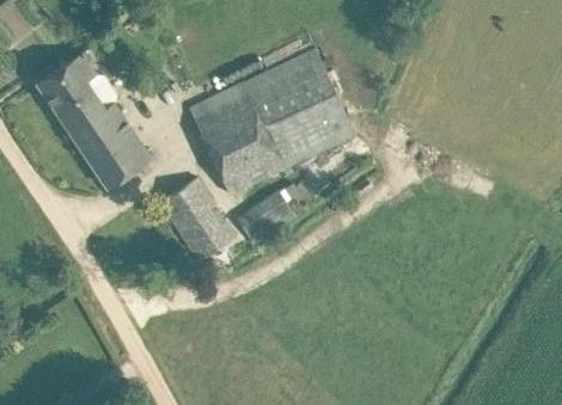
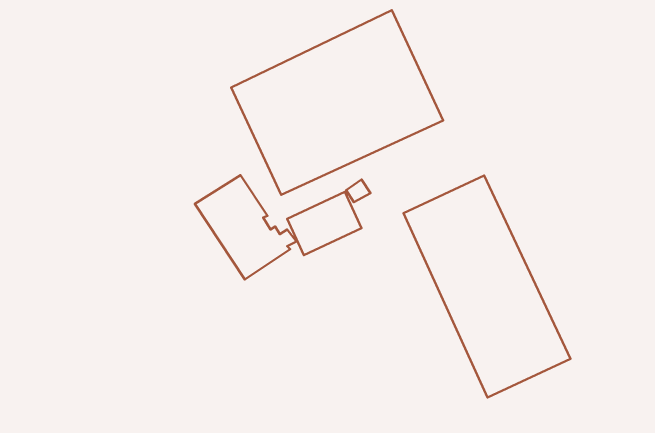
building: [35,53,149,188] -> none
building: none -> [403,175,571,398]

